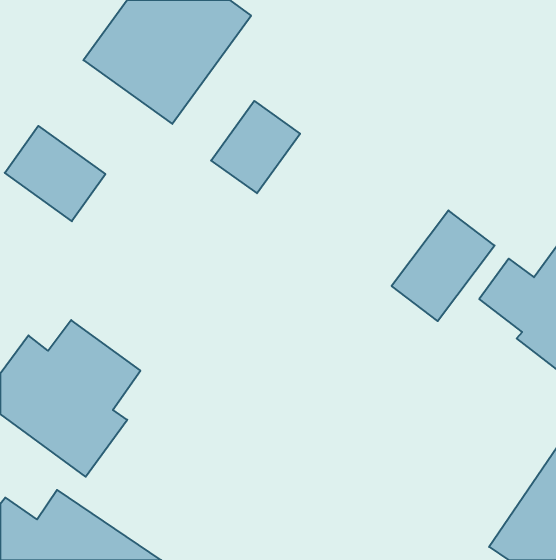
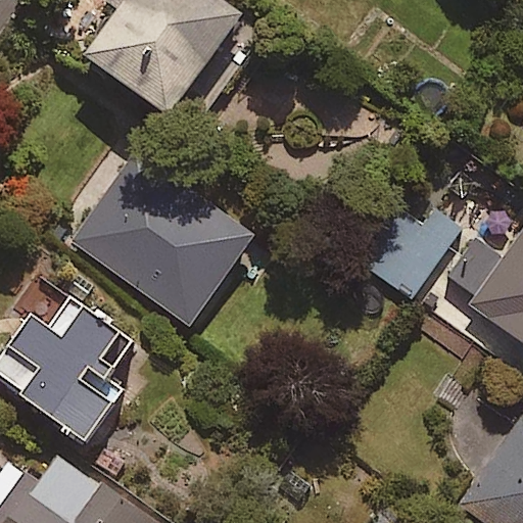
building: [211,101,300,193] -> none
building: [5,126,105,221] -> none
building: none -> [65,158,254,326]

